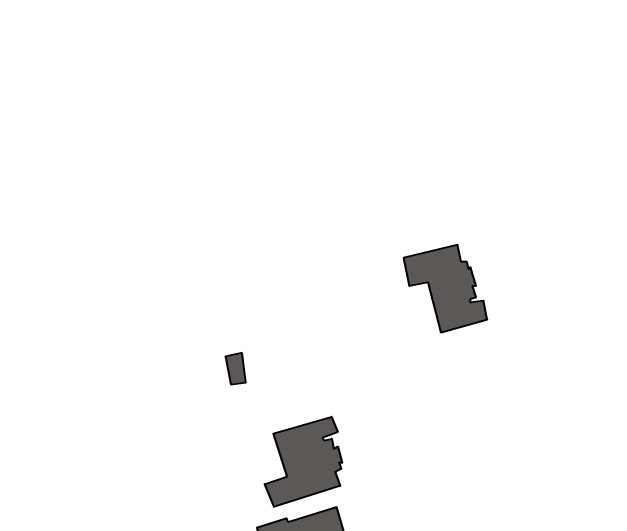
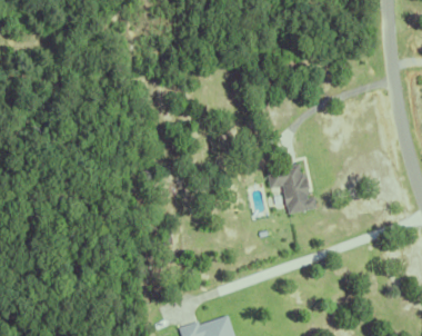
building: [265,417,342,507] -> none

